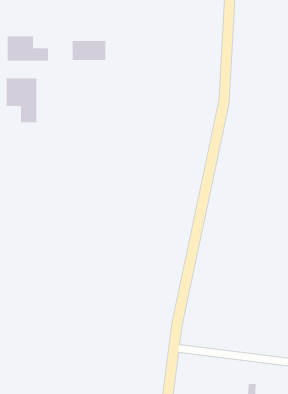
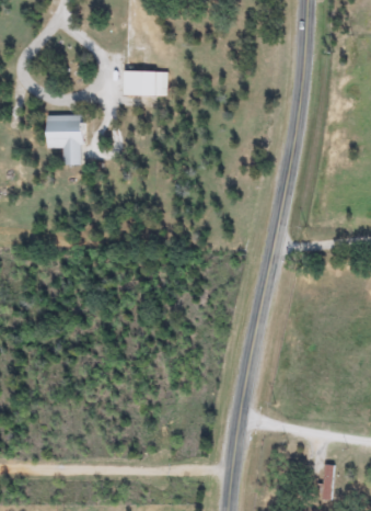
building: [7,36,48,62] -> none

